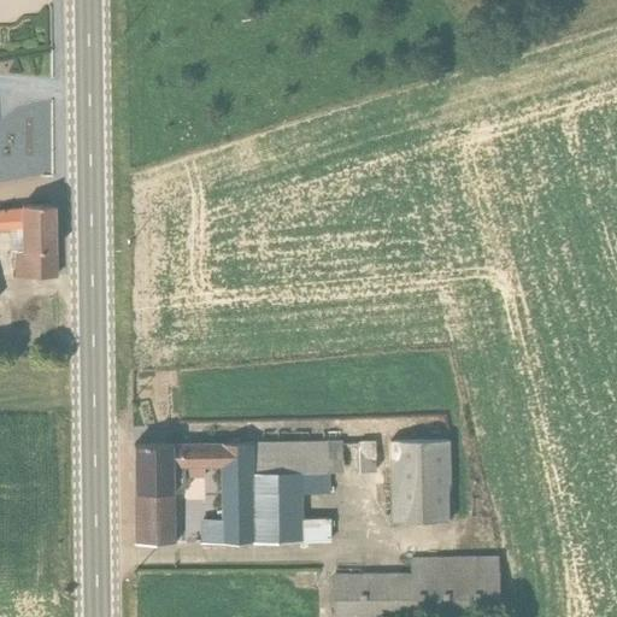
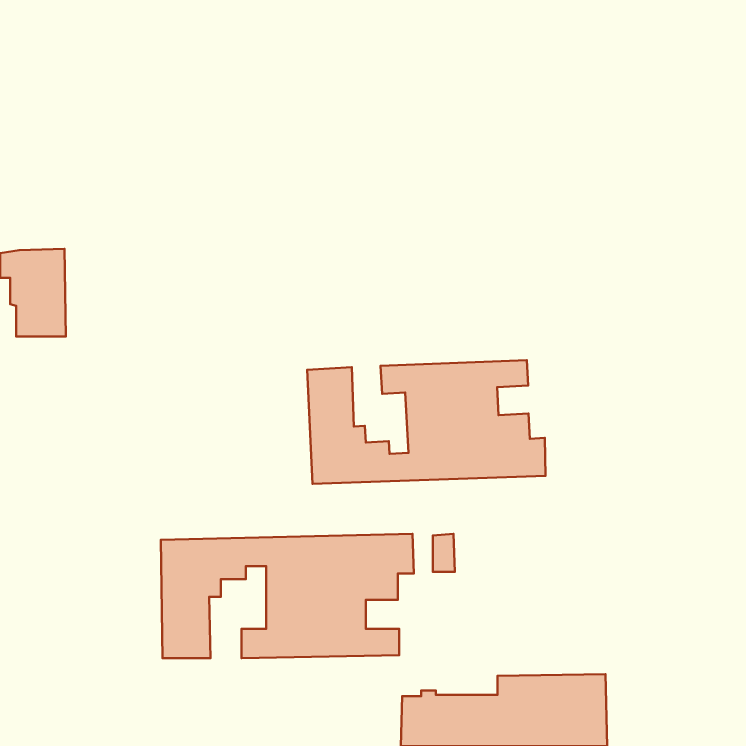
building: none -> [307,360,546,484]
building: [390,440,449,522] -> none

